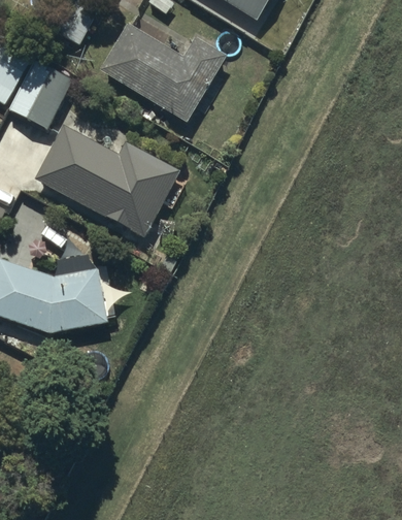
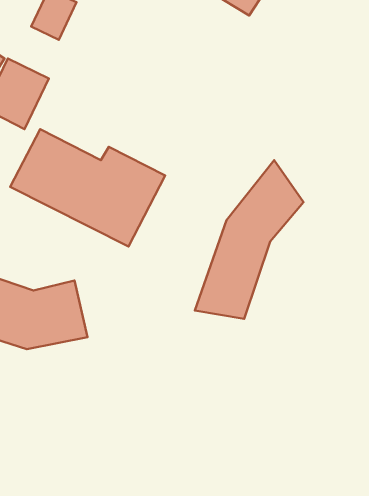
building: [100,22,226,121] -> none
building: none -> [195,160,303,319]

